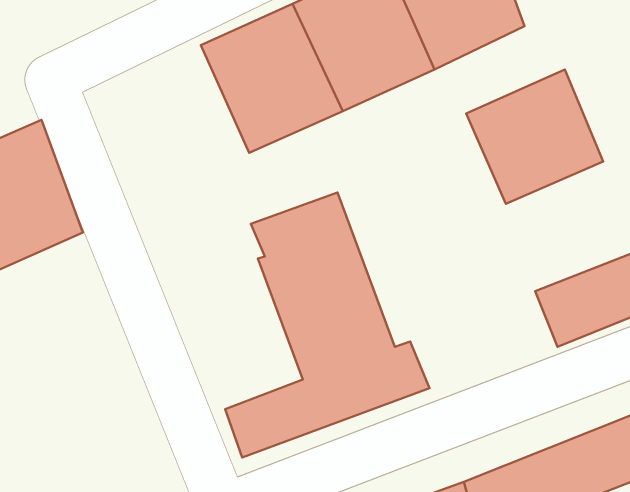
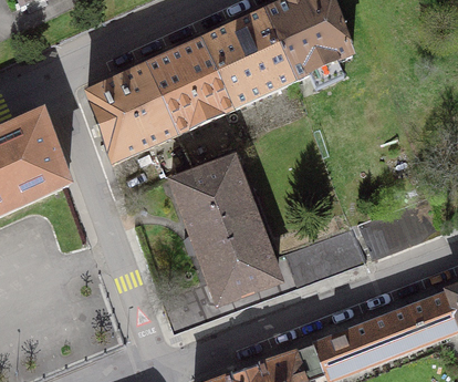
building: none -> [86,64,176,162]
building: [466,70,603,204] -> none
building: none -> [279,227,363,283]

